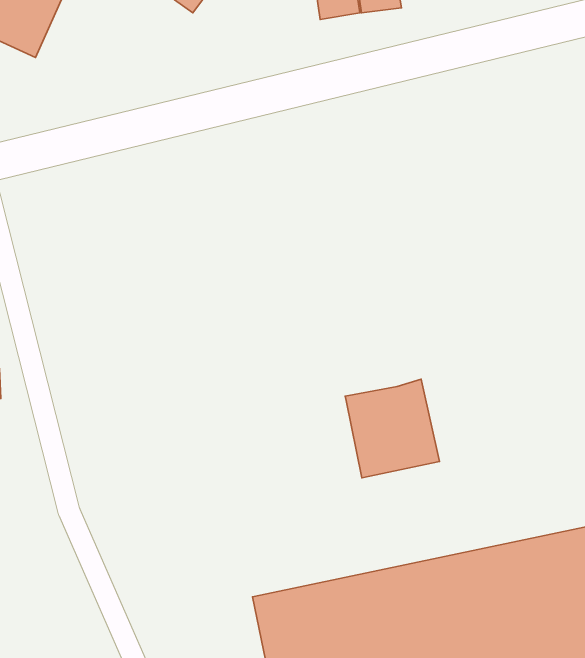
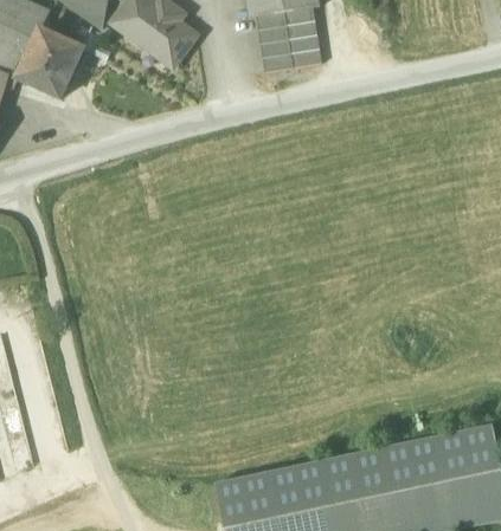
building: [345,379,439,478] -> none

